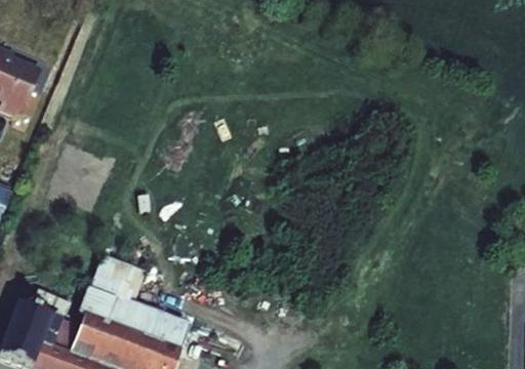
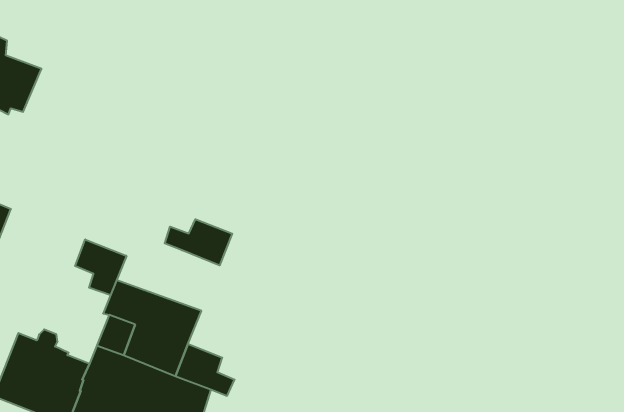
building: none -> [165,219,232,265]
building: none -> [75,239,126,295]

